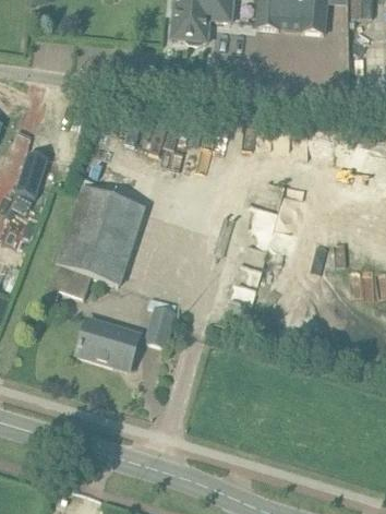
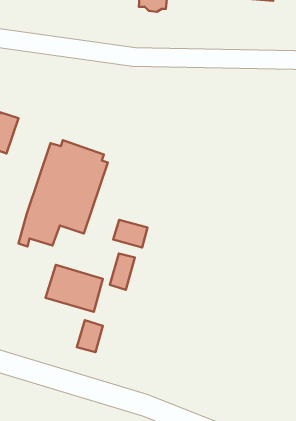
building: none -> [113,220,147,248]
building: none -> [77,320,103,352]

